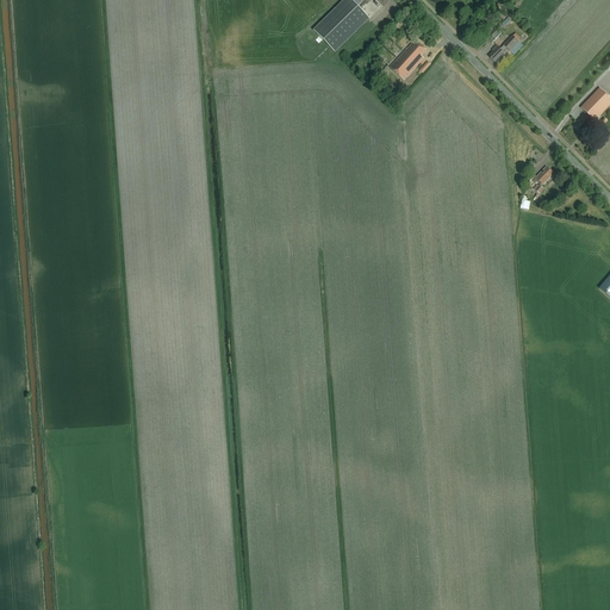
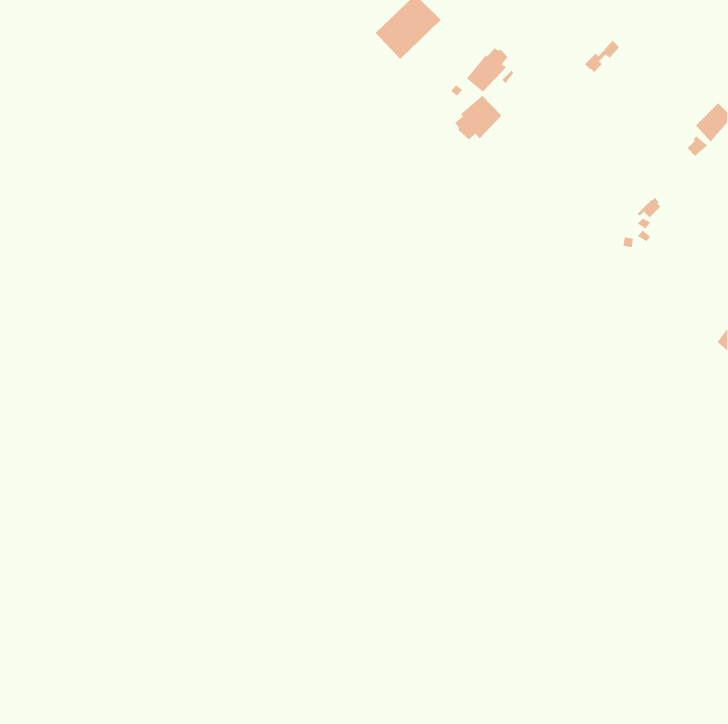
building: none -> [454,95,502,140]

